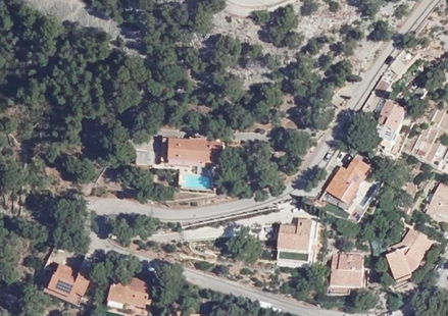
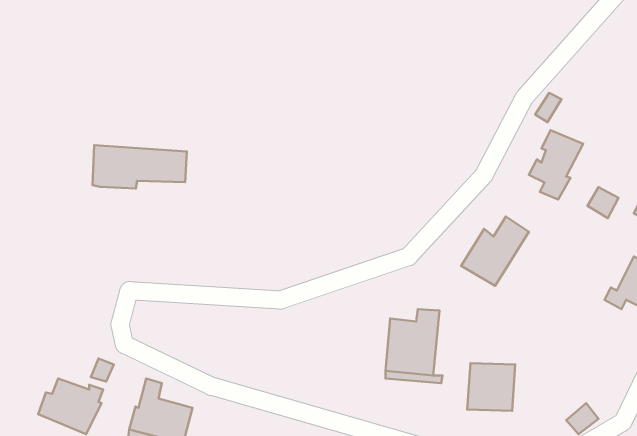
building: [159,137,221,165] -> [93,145,187,188]
building: [387,229,436,280] -> none

